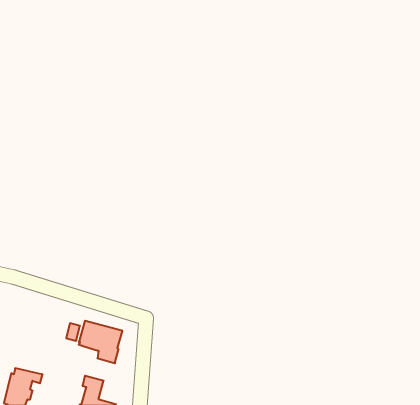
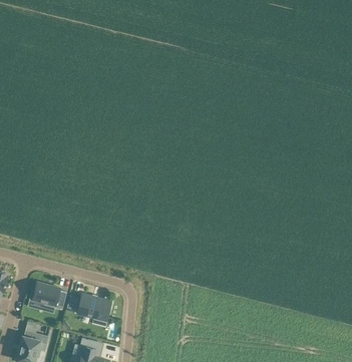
building: none -> [31,282,65,309]

